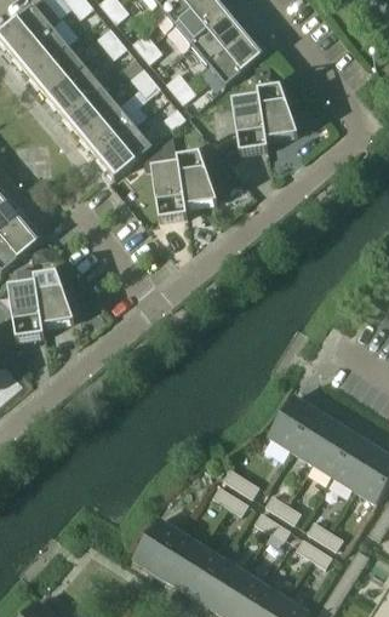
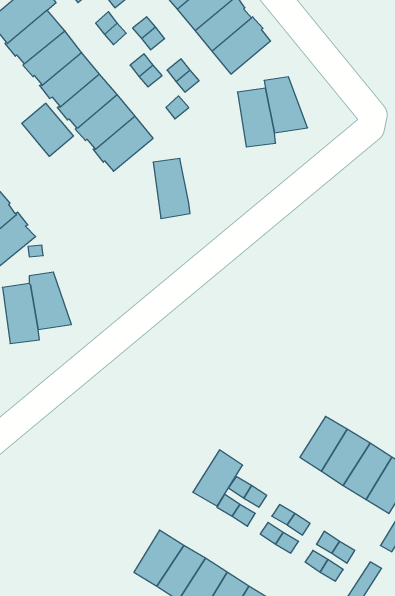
building: none -> [22,103,73,156]
building: [177,154,217,207] -> none
building: [268,395,315,449] -> [193,450,243,506]

